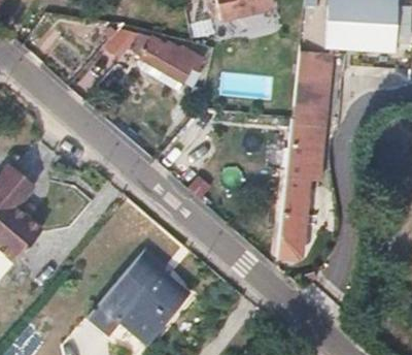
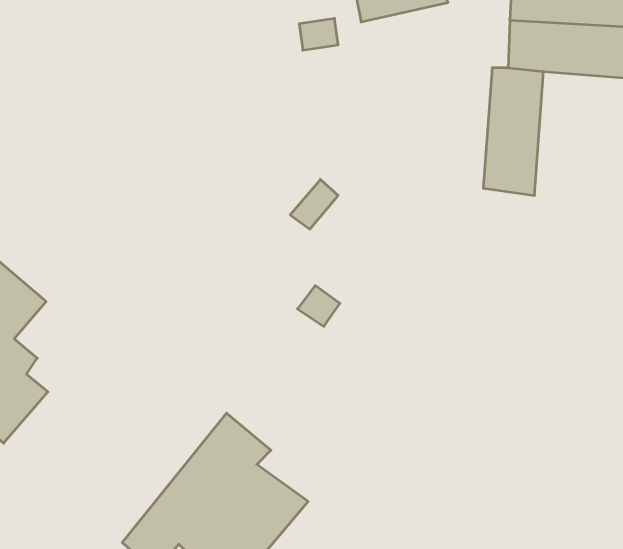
building: [103,23,198,83] -> none
building: [286,116,327,250] -> none

